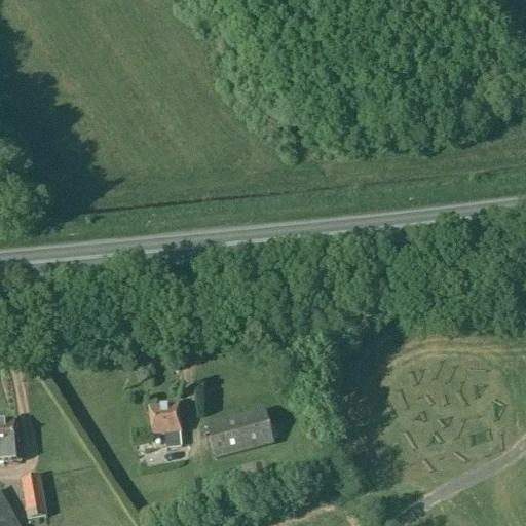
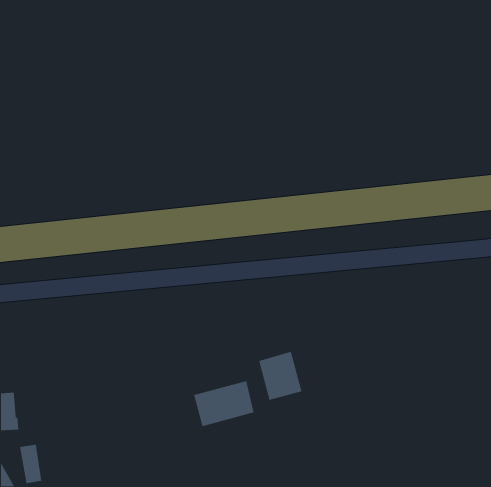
building: none -> [258,351,303,401]
building: [149,403,181,445] -> none

